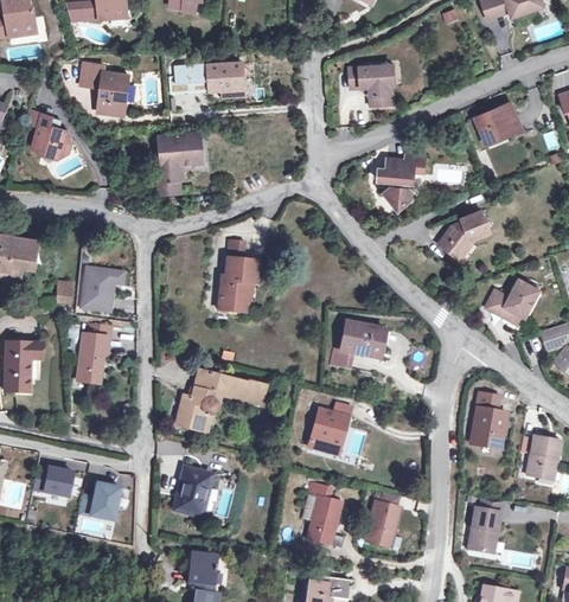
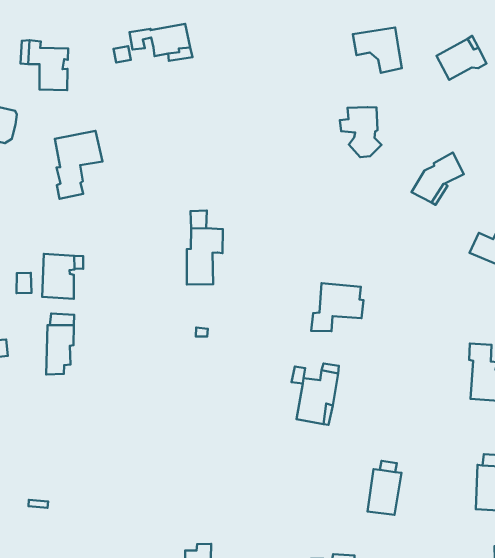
building: [349,65,391,107] -> [353,27,402,73]
building: [158,134,203,194] -> [55,131,102,199]
building: [175,370,266,431] -> none
building: [34,468,71,497] -> none
building: [174,468,211,515] -> none
building: [303,482,343,545] -> none
building: [79,485,120,521] -> none

